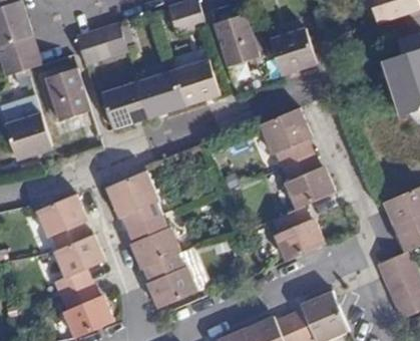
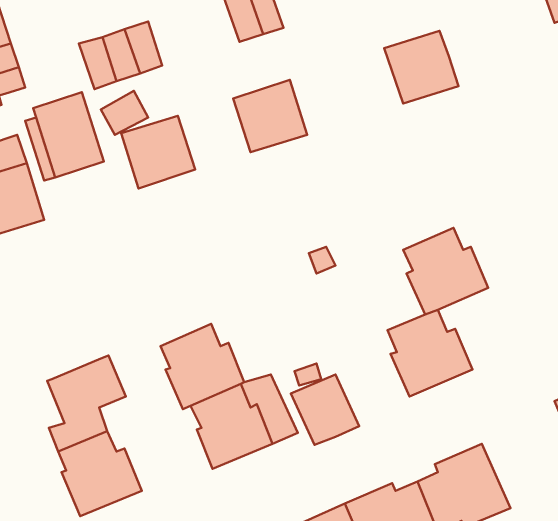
building: [214,14,259,68] -> none
building: [137,71,183,116] -> none
building: [260,107,313,167] -> none
building: [106,172,158,229] -> none
building: [36,193,88,250] -> none
building: none -> [291,375,359,445]

